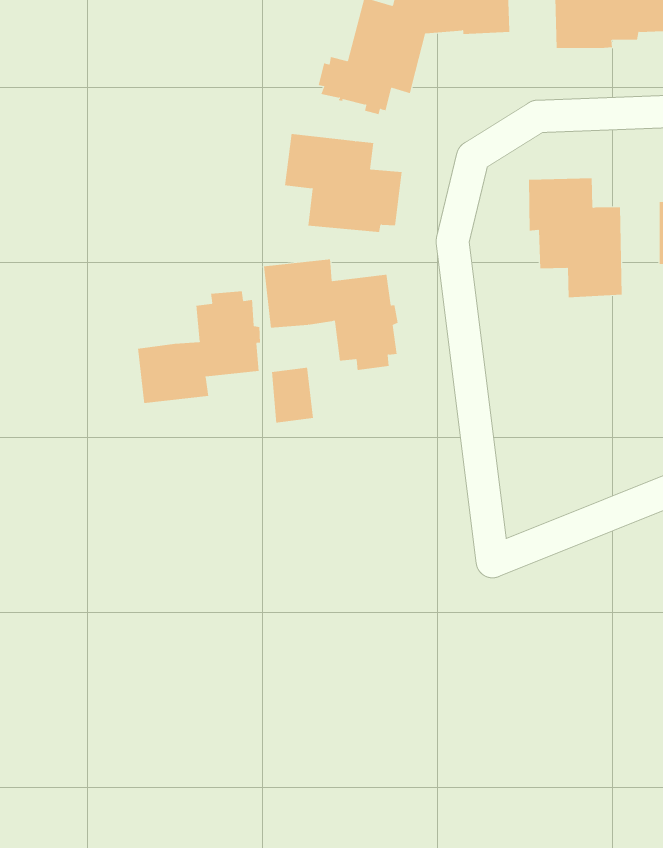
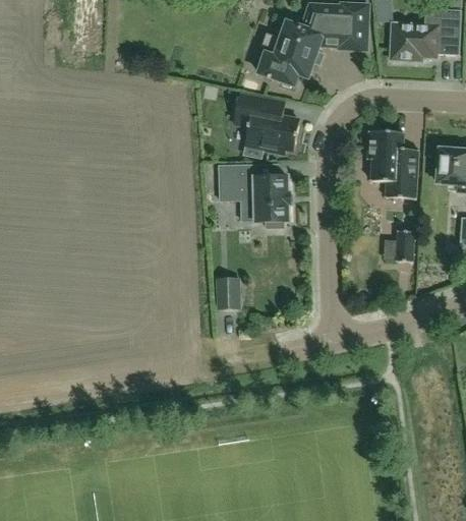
building: [138,291,260,404] -> none
building: none -> [396,230,414,262]
building: [271,367,314,423] -> [219,278,240,307]

